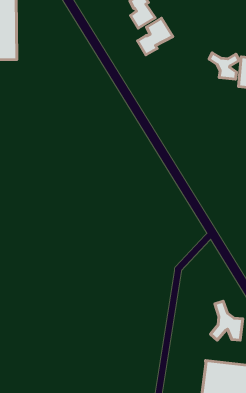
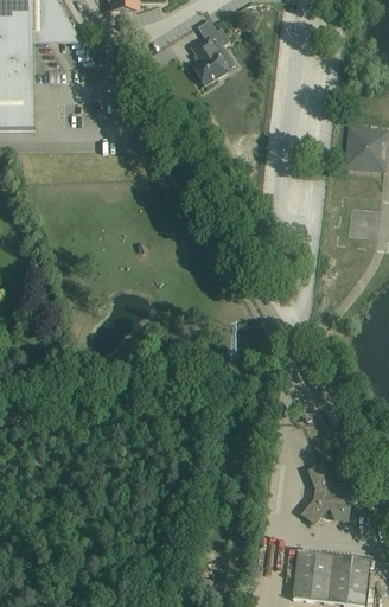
building: [137,18,173,55] -> none
building: [209,53,239,79] -> none

